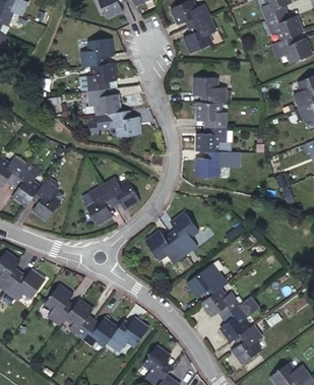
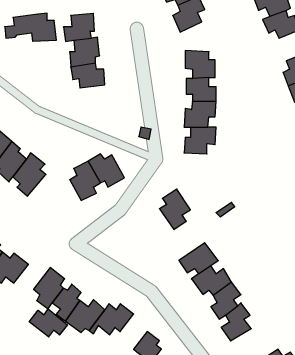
building: [85,107,136,134] -> [5,13,56,41]
building: [149,228,186,257] -> none
building: none -> [29,309,67,337]

